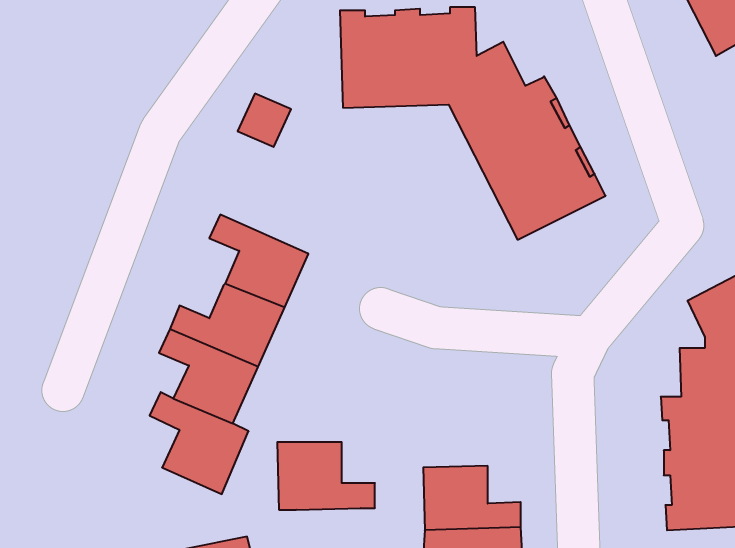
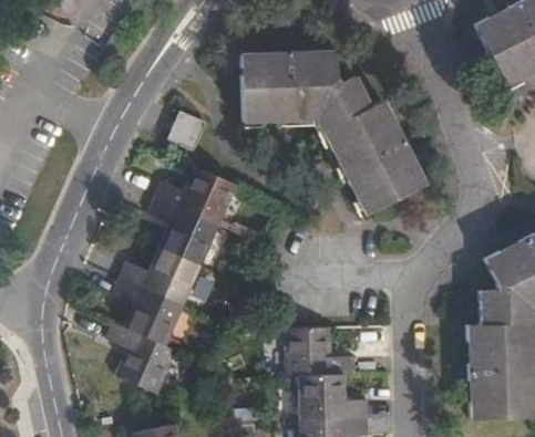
building: none -> [156,166,236,225]
building: [277,442,375,510] -> [286,327,354,375]

